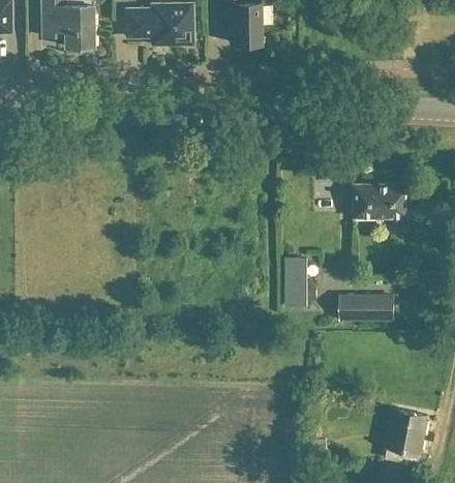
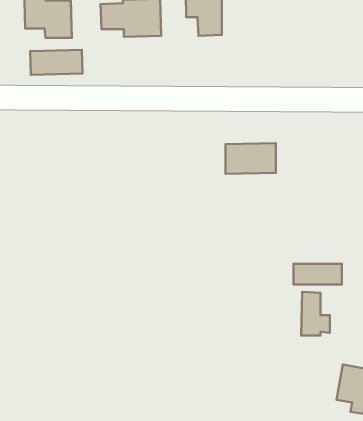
building: none -> [30,50,83,75]
building: [354,183,410,217] -> [225,143,276,174]
building: [283,255,315,304] -> [301,292,330,335]

